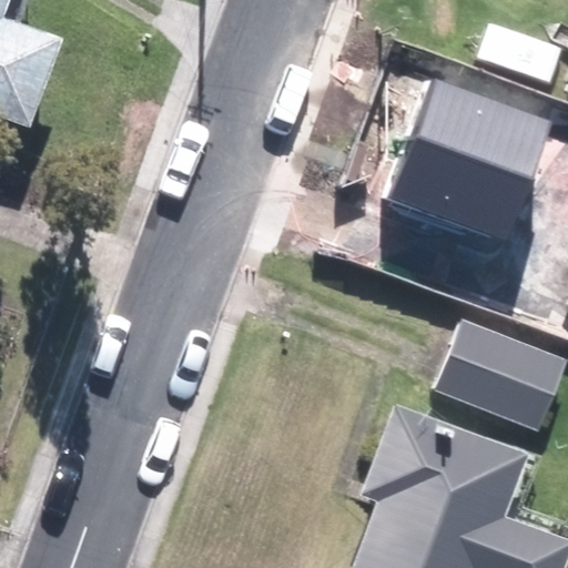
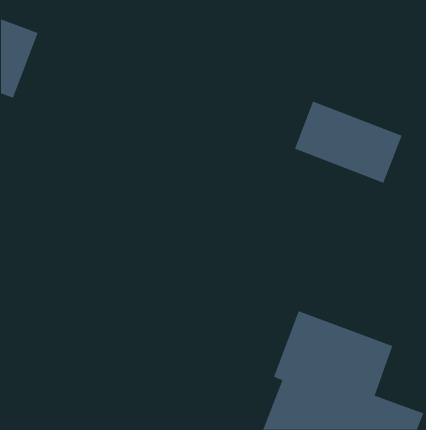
building: [417,78,558,179] -> none
building: [436,323,562,430] -> none

